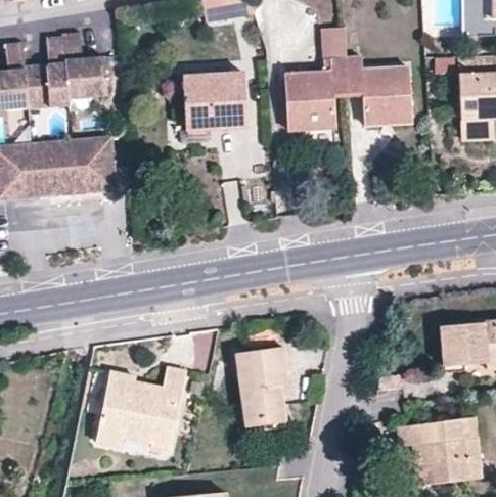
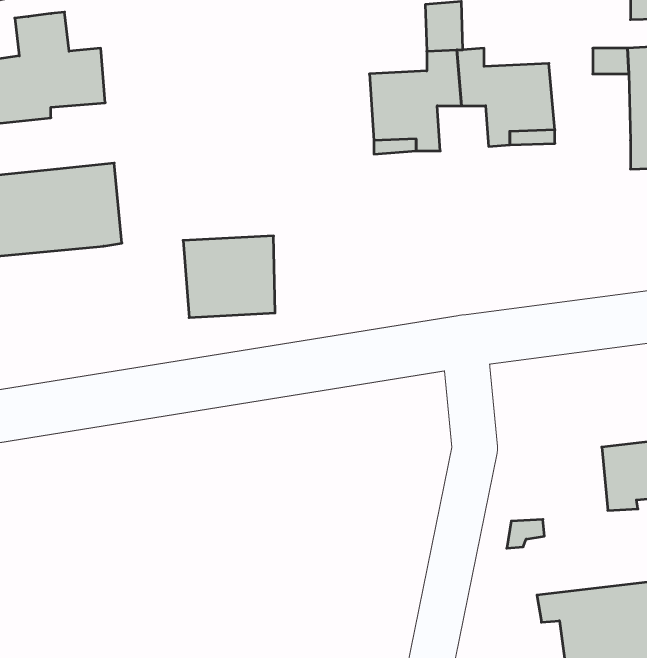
building: [182,74,244,129] -> [183,236,275,318]
building: [237,348,289,425] -> none
building: [96,365,186,447] -> none

